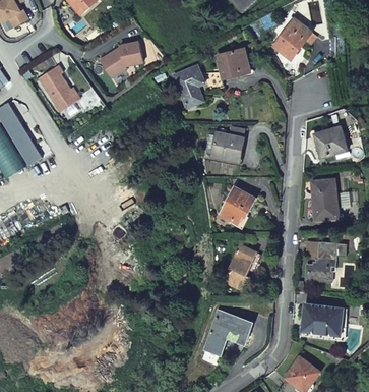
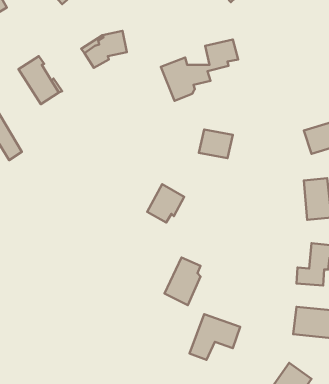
building: [272,18,310,59] -> none
building: [219,188,254,225] -> [147,184,184,222]
building: [220,245,254,291] -> [165,257,201,305]

